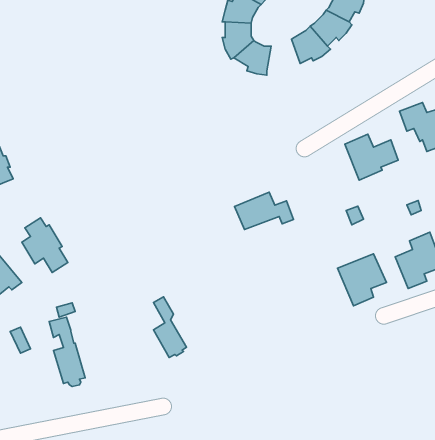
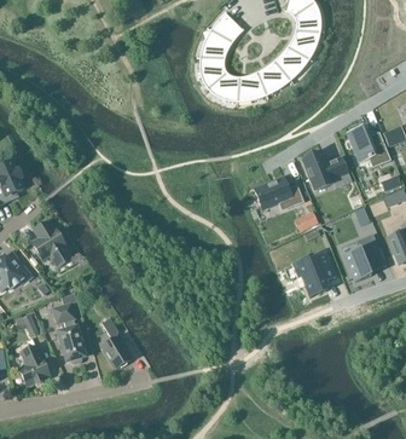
building: none -> [238,71,267,100]
building: [234,192,294,230] -> [255,177,304,208]
building: [153,297,187,357] -> [103,317,130,368]
building: none -> [19,345,51,386]

